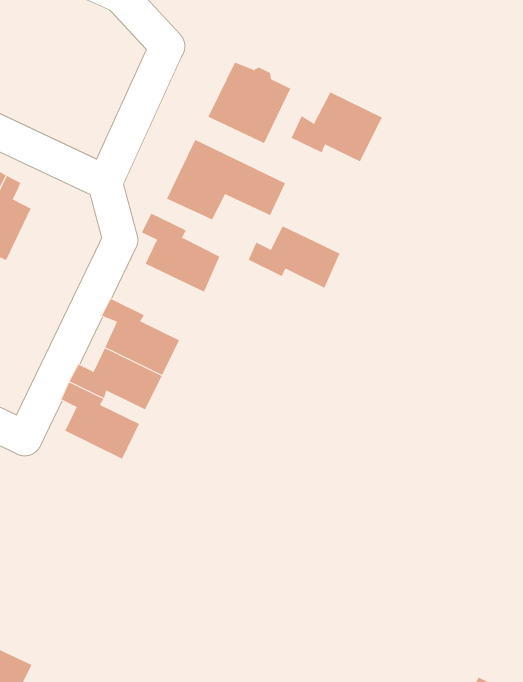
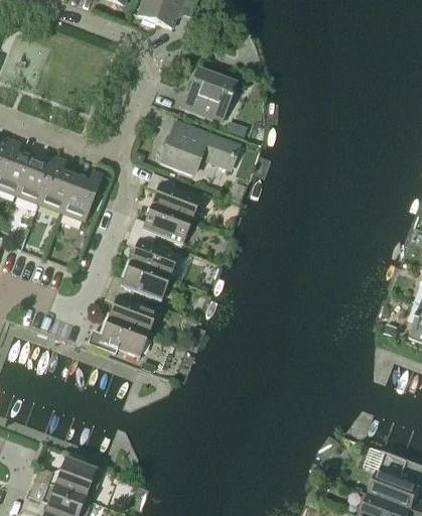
building: [291,91,382,162] -> none
building: none -> [60,170,102,221]
building: [248,225,342,288] -> [130,206,190,244]
building: none -> [88,318,147,357]

